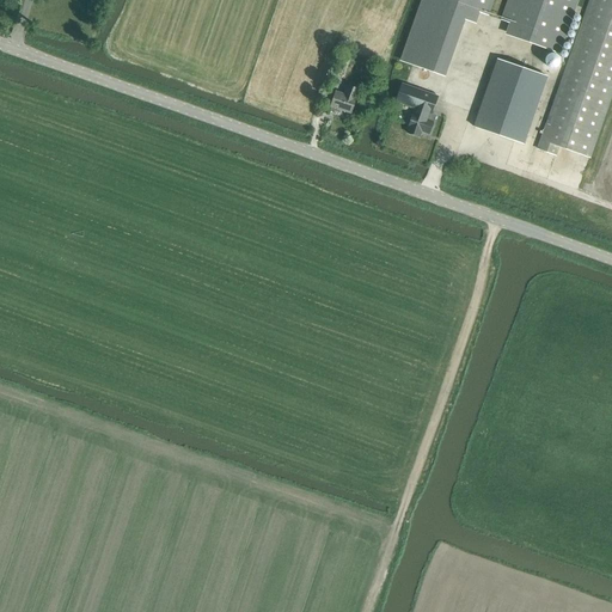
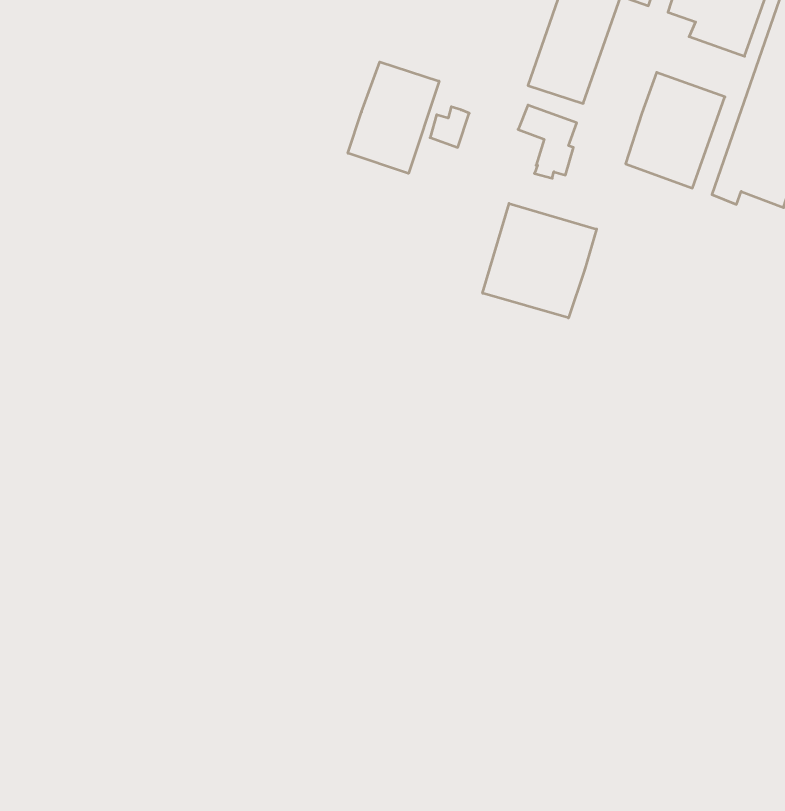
building: none -> [348,62,439,173]
building: none -> [483,203,597,318]

